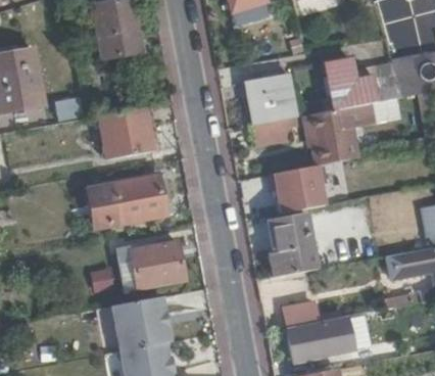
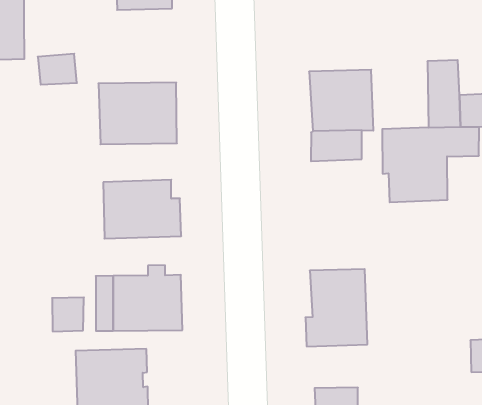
building: [271,166,327,210] -> none
building: [89,183,119,227] -> none

